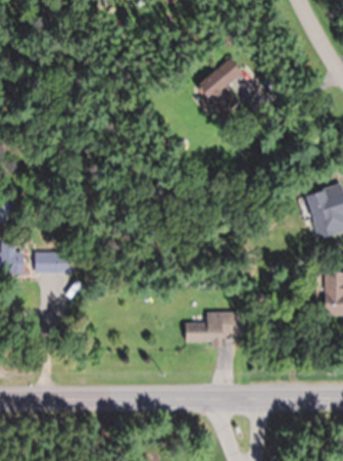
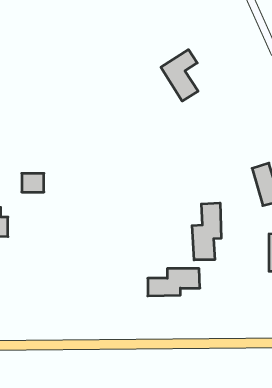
building: none -> [192,203,221,260]
building: [35,251,60,273] -> [22,173,44,192]

